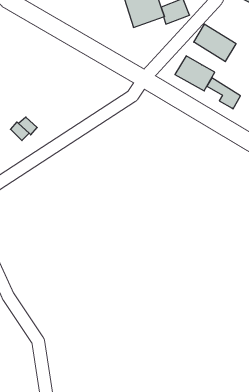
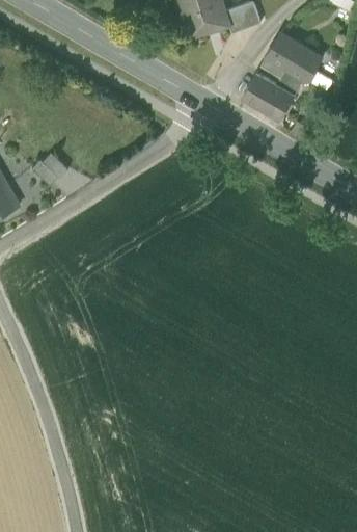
building: [207,78,240,109] -> [262,56,304,96]

